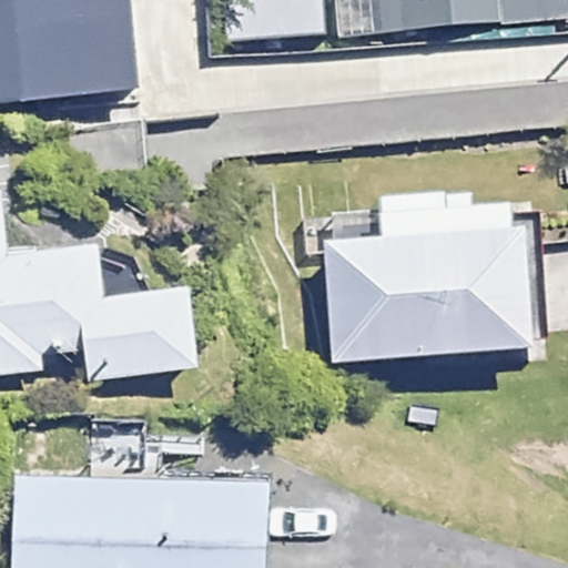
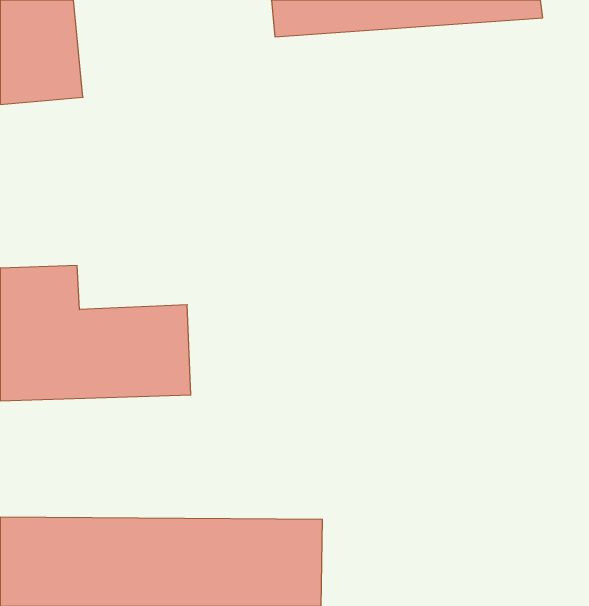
building: [294,223,521,354] -> none

